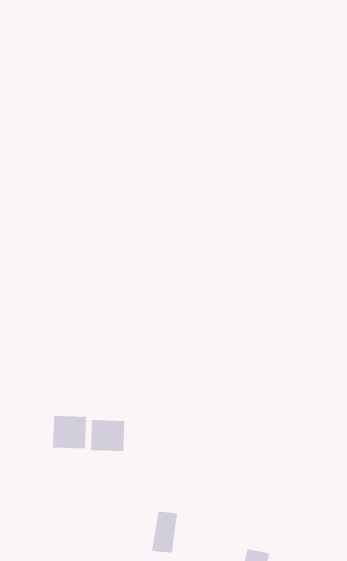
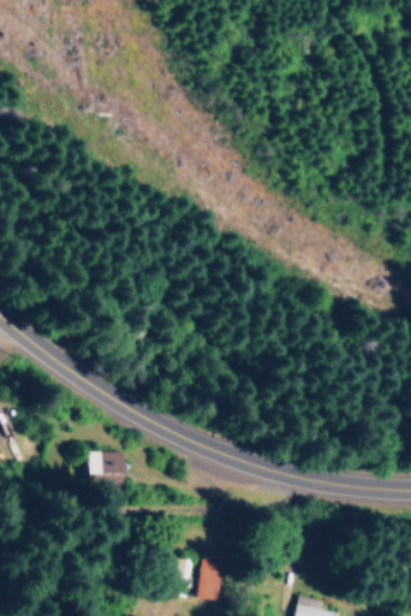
building: [91,419,125,452] -> none

